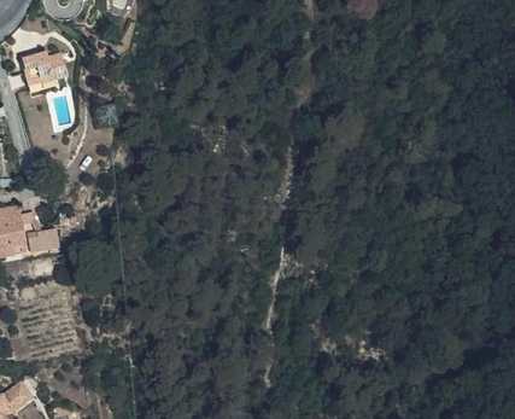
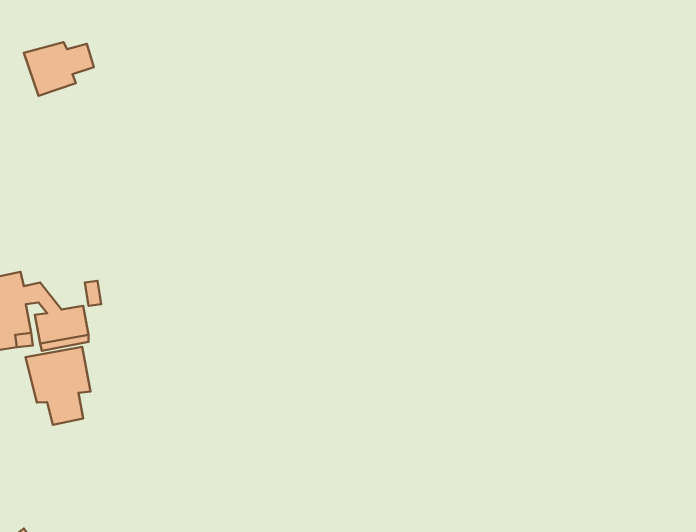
building: none -> [26,347,91,425]

